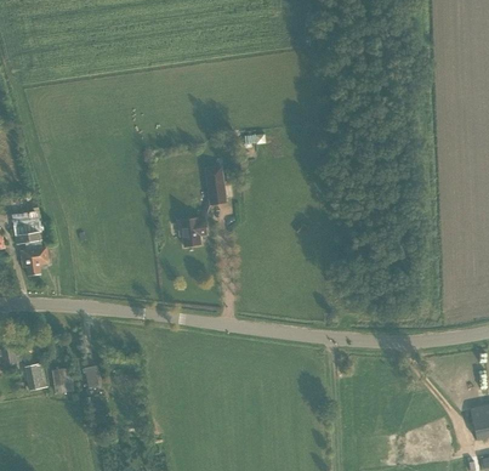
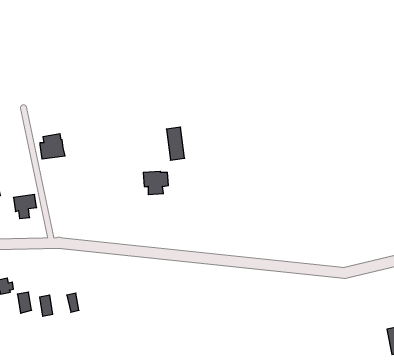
building: [13,214,44,244] -> [40,134,65,159]

